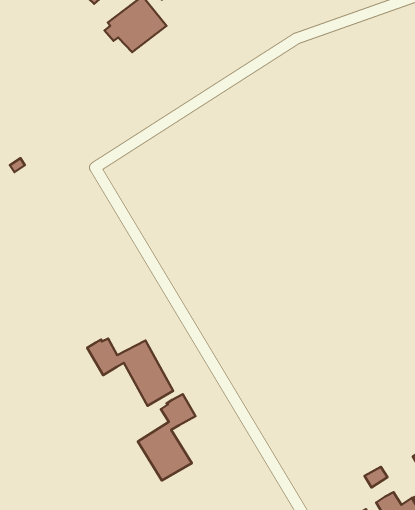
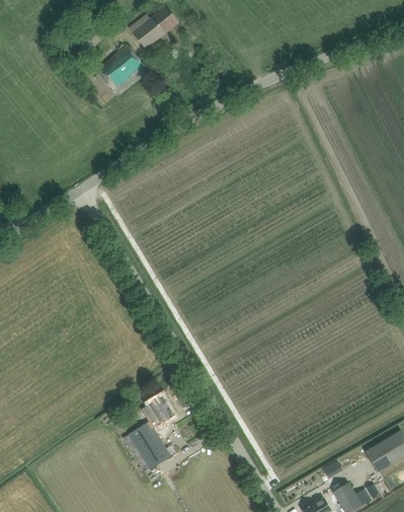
building: [87,339,173,406] -> none

